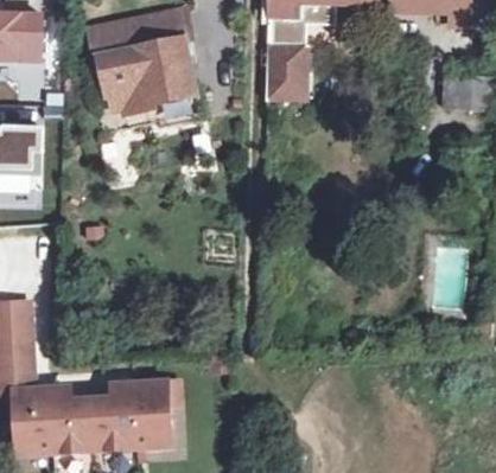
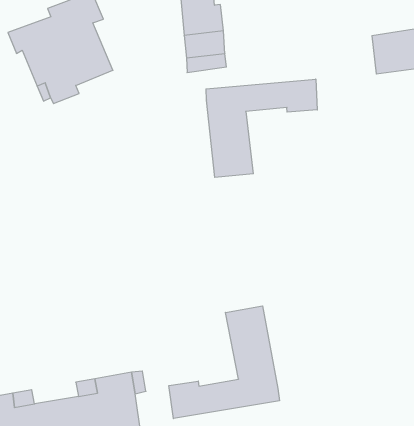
building: none -> [206,79,317,177]
building: none -> [169,306,279,419]

